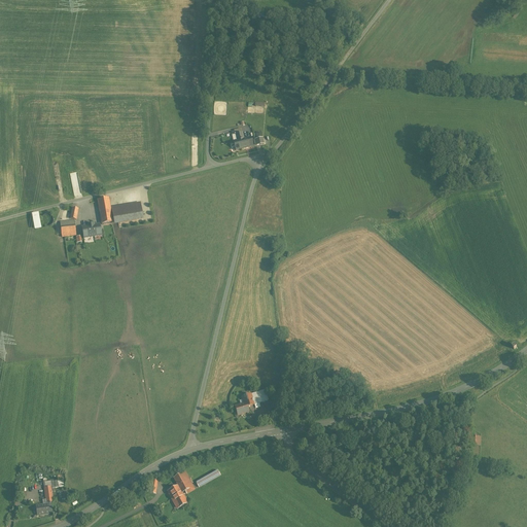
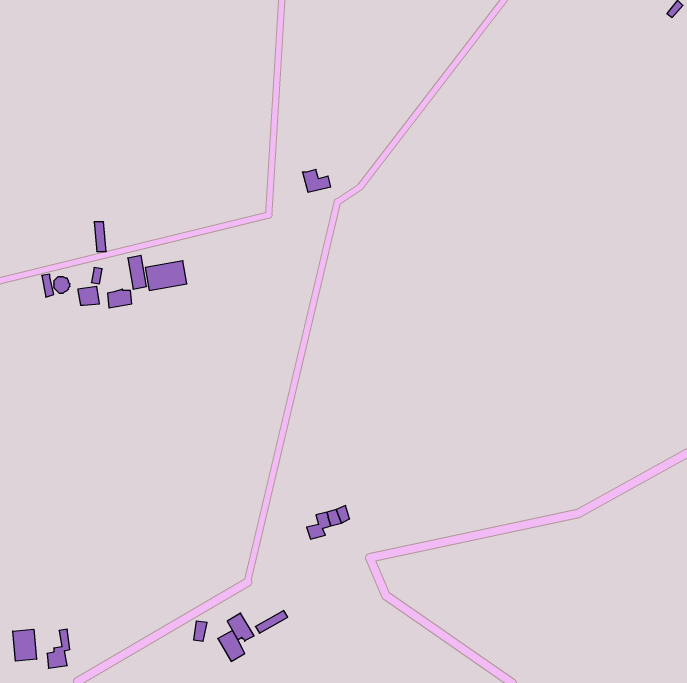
building: none -> [13,629,37,661]

